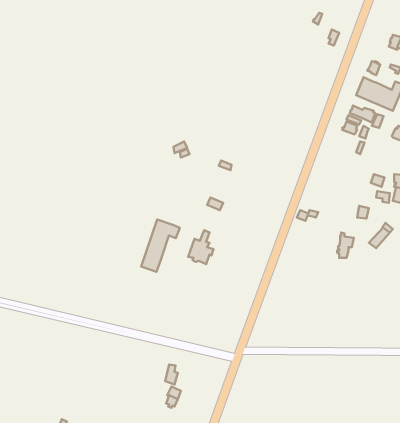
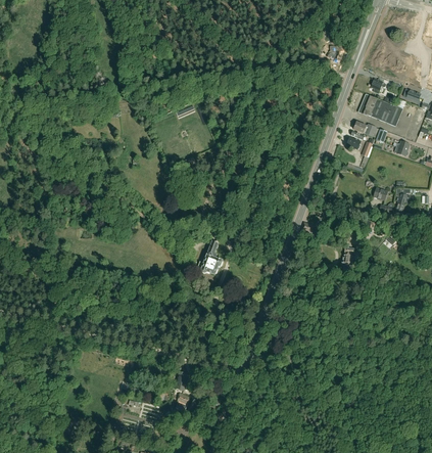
building: [141,220,180,272] -> none

